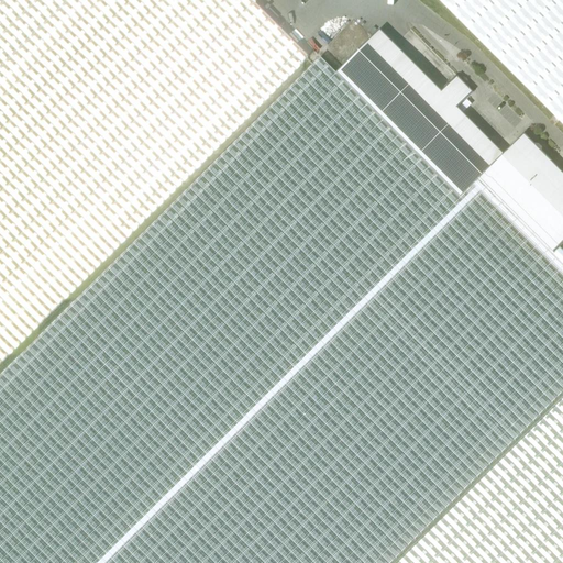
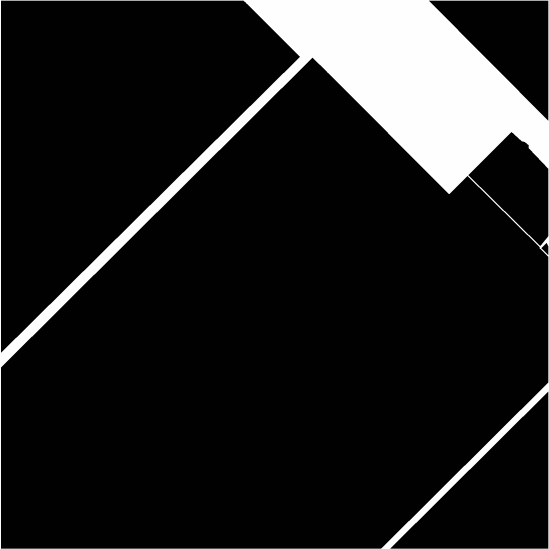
building: [335,30,504,198] -> none

